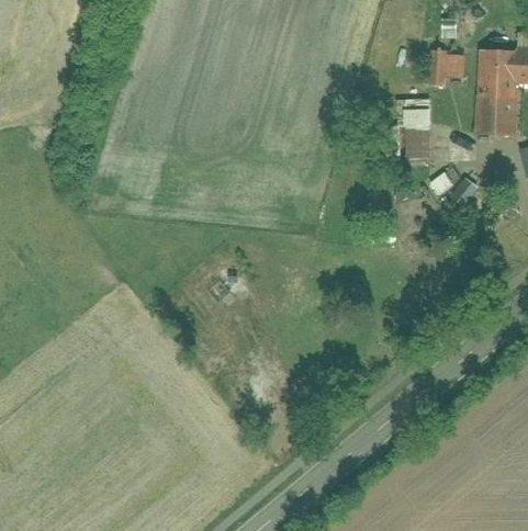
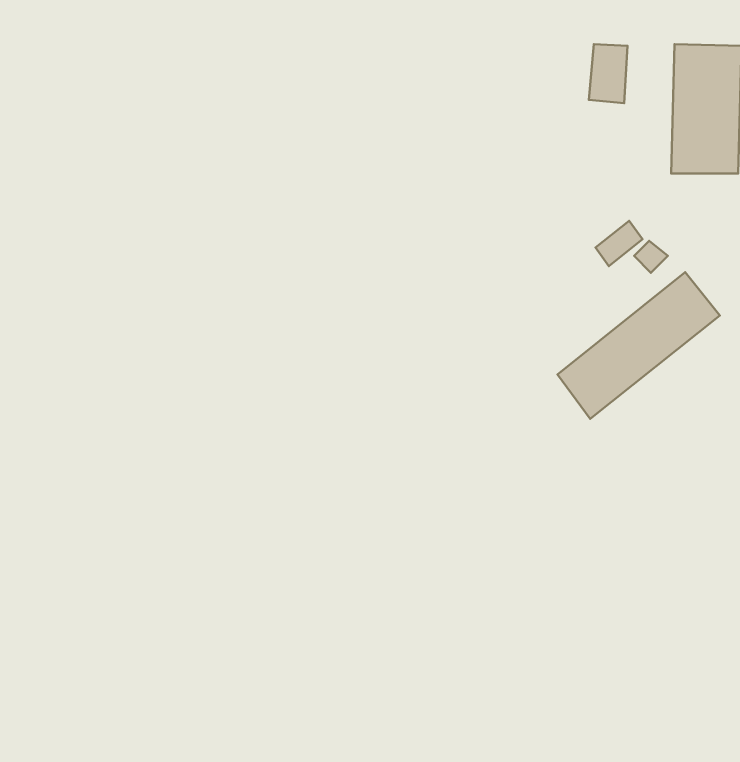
building: [402,108,430,159] -> none
building: none -> [558,272,720,419]

